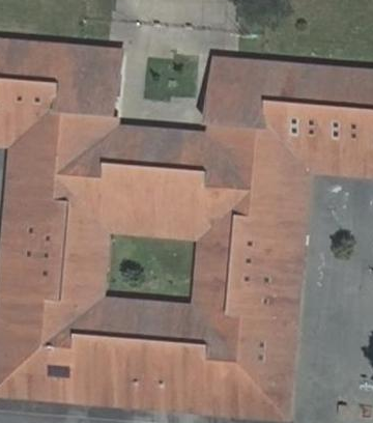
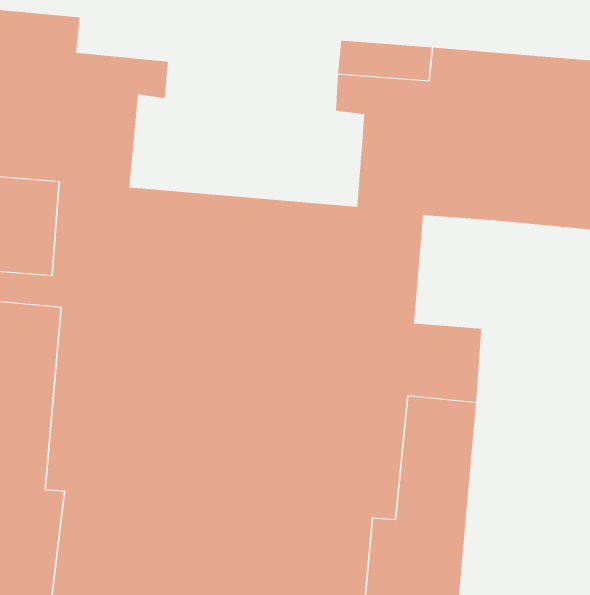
building: [59,49,115,75] -> none
building: [90,94,227,160] -> none
building: [257,165,303,231] -> none

